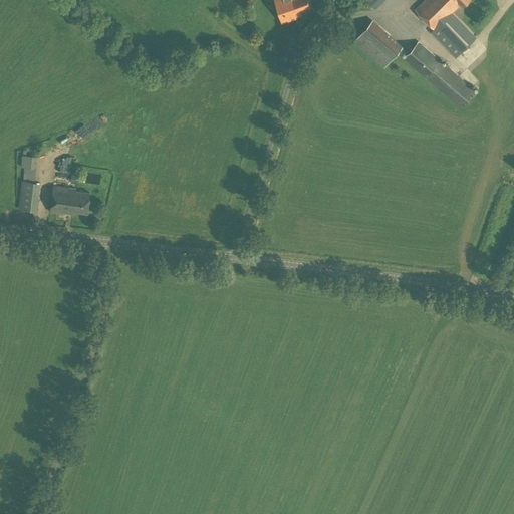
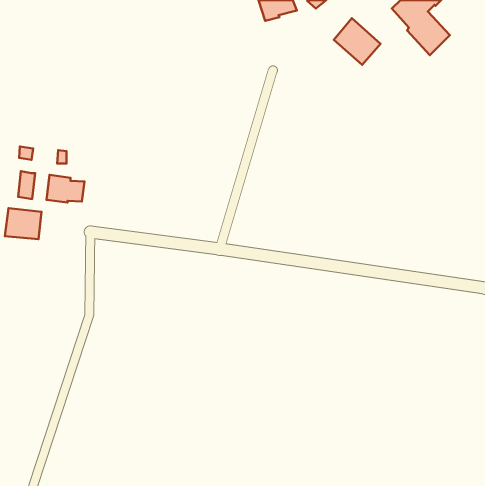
building: [402,41,475,108] -> none
building: none -> [5,208,41,239]

